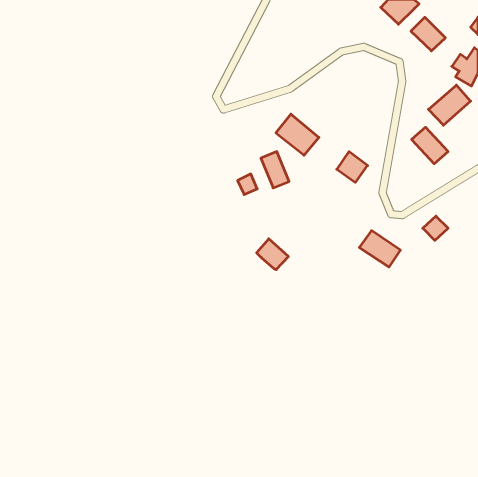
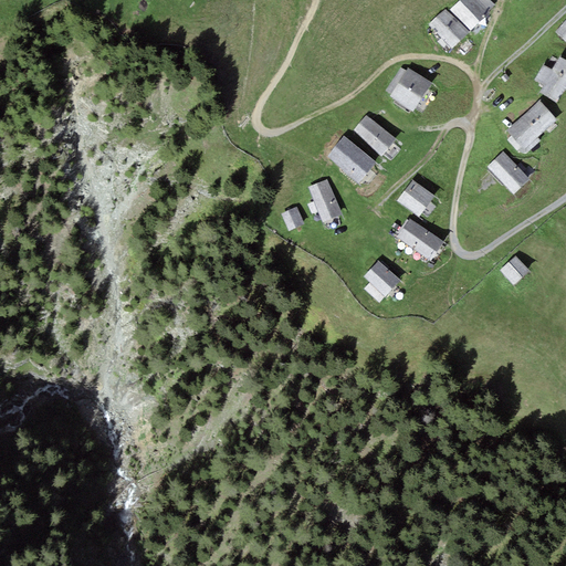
building: [411,17,445,51] -> [429,8,470,48]
building: none -> [390,67,431,111]
building: none -> [352,114,396,156]
building: [359,231,400,267] -> [396,218,444,261]
building: [257,239,288,270] -> [364,260,401,296]

